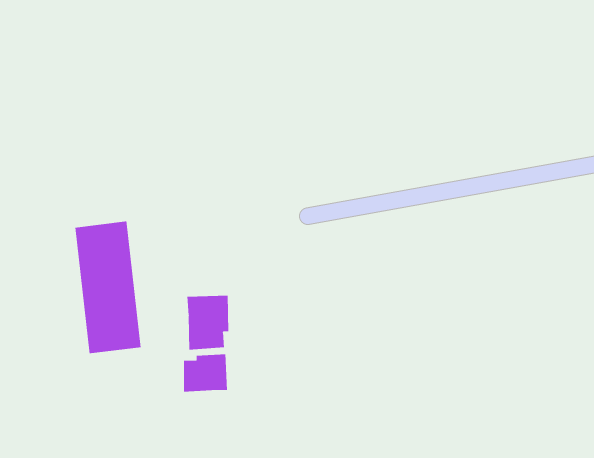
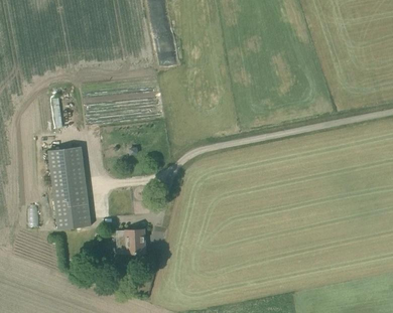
building: [187,295,229,351] -> none

